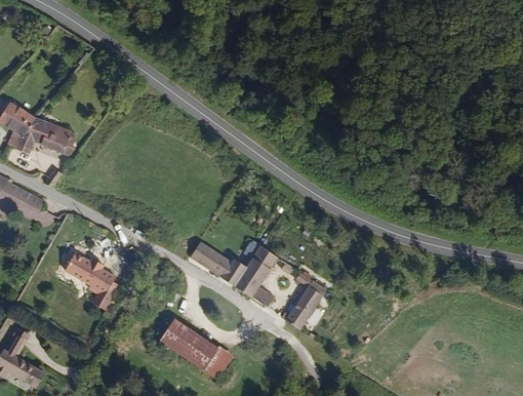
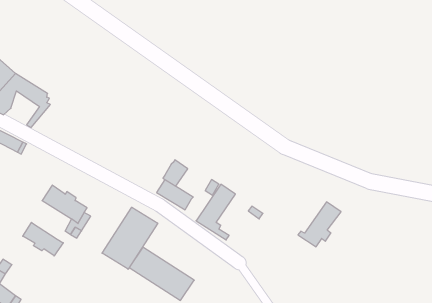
building: [220,258,248,287] -> [163,160,188,186]
building: none -> [102,207,158,269]
building: [280,280,328,330] -> [298,202,341,247]
building: none -> [23,222,63,256]

